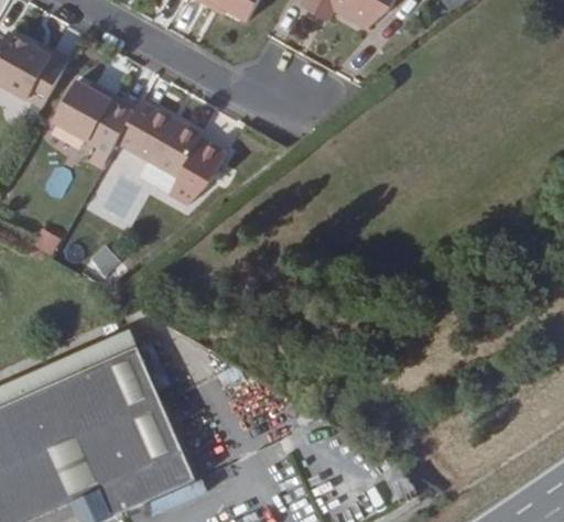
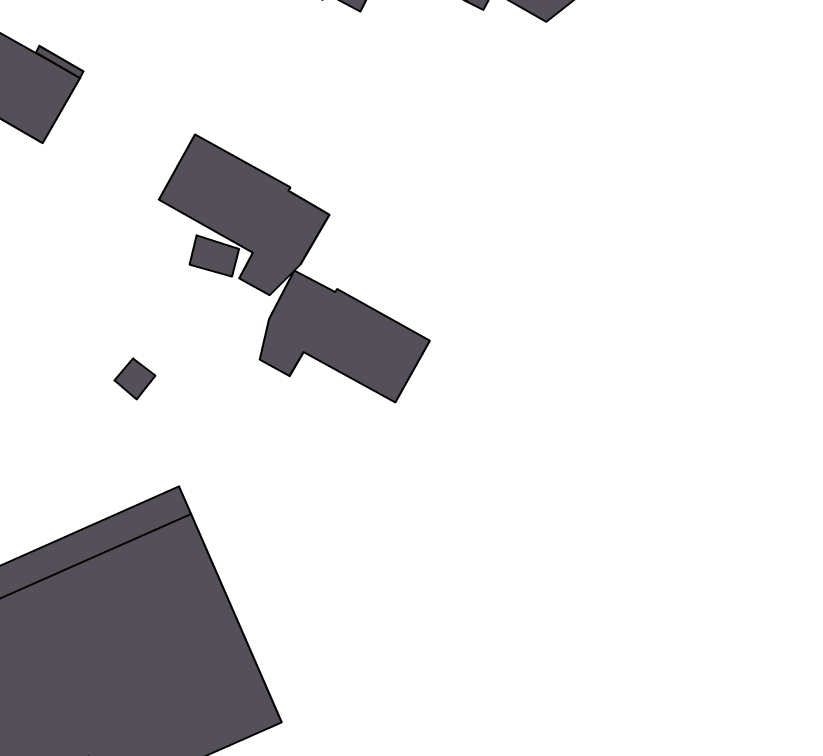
building: [52,80,134,154] -> none
building: none -> [260,270,430,402]

